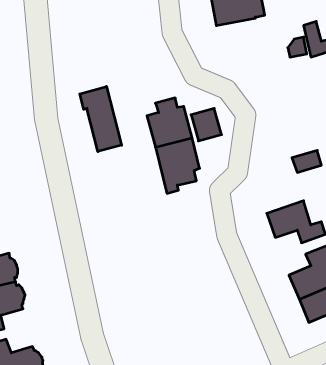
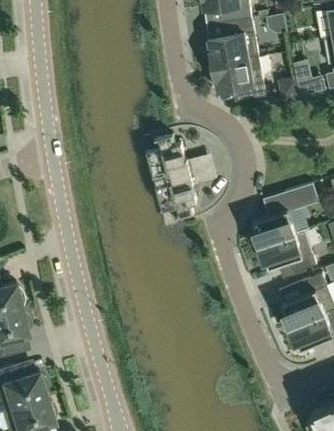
building: none -> [212,56,265,101]
building: [80,86,122,152] -> none
building: none -> [252,210,295,245]

